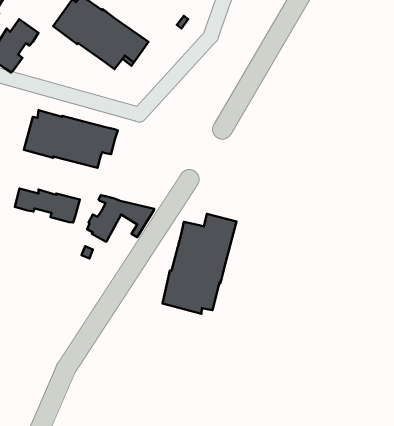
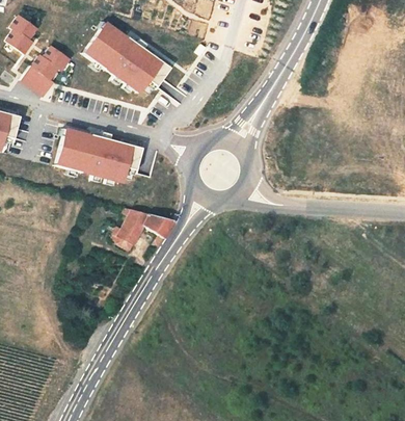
building: [15,189,80,223] -> none
building: [162,214,236,314] -> none

